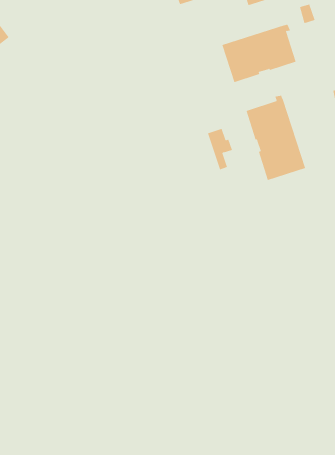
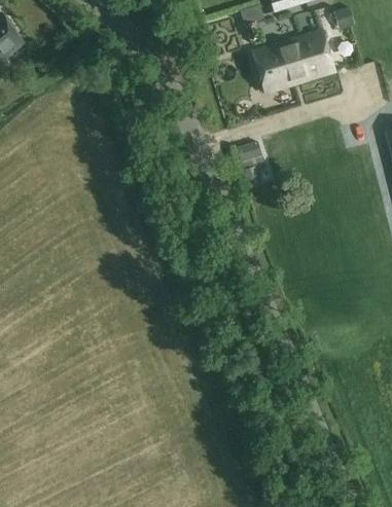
building: [246,95,306,181] -> none

